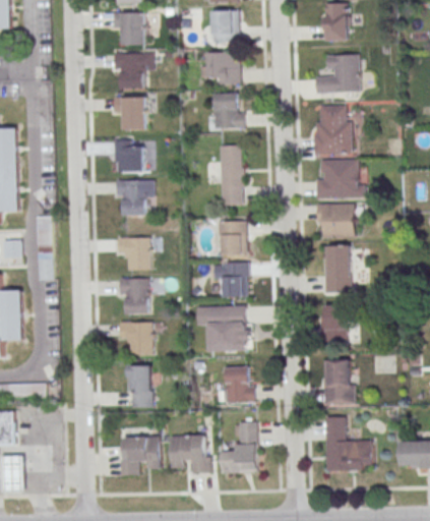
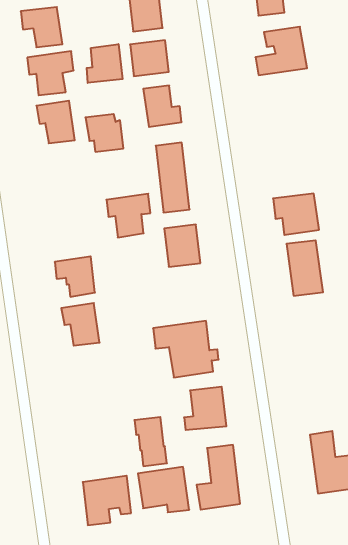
building: none -> [87,44,123,83]
building: [313,106,352,155] -> none
building: [113,140,143,172] -> [85,114,123,152]
building: [316,160,365,199] -> none
building: [116,180,153,216] -> [106,194,150,237]
building: [212,263,248,297] -> none
building: [321,304,347,341] -> none
building: [119,322,152,355] -> none
building: [322,360,353,404] -> none
building: [128,365,152,407] -> [134,417,167,466]

